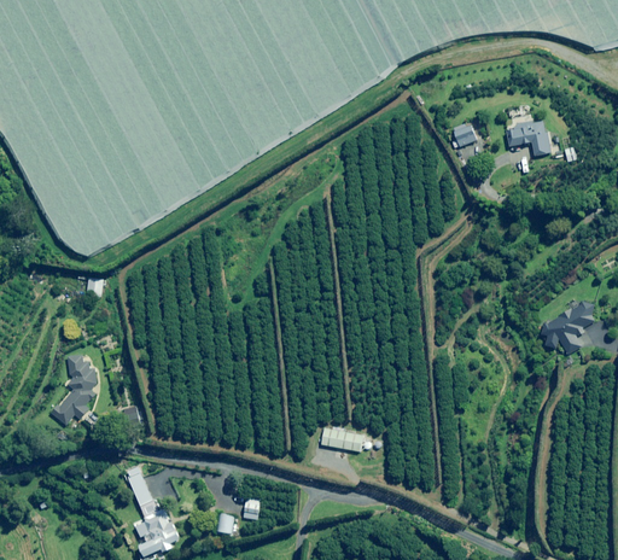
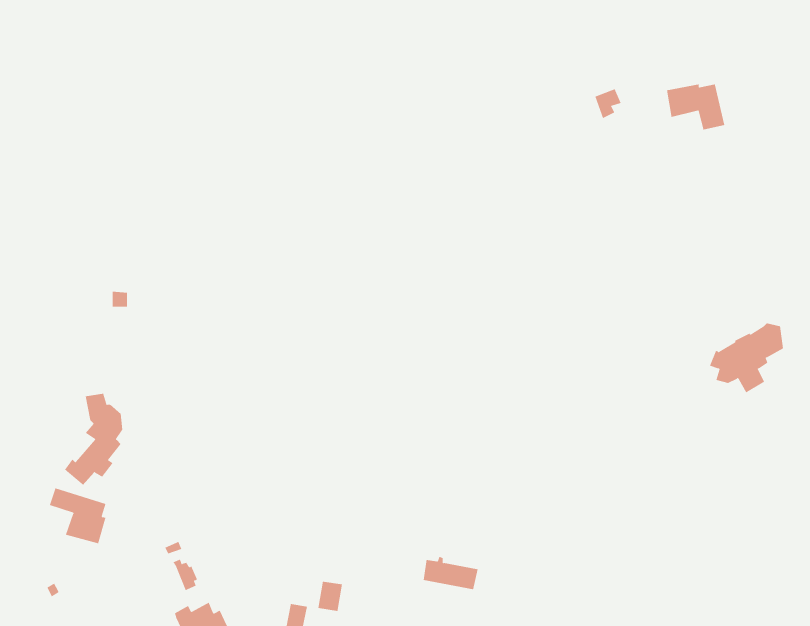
building: [323,426,366,451] -> [423,556,478,590]
building: none -> [49,488,106,544]

